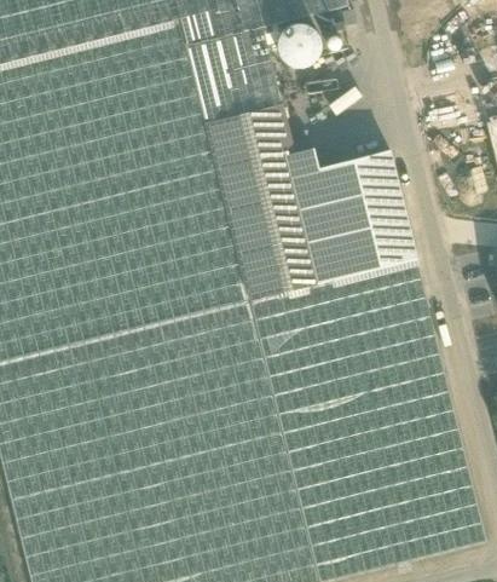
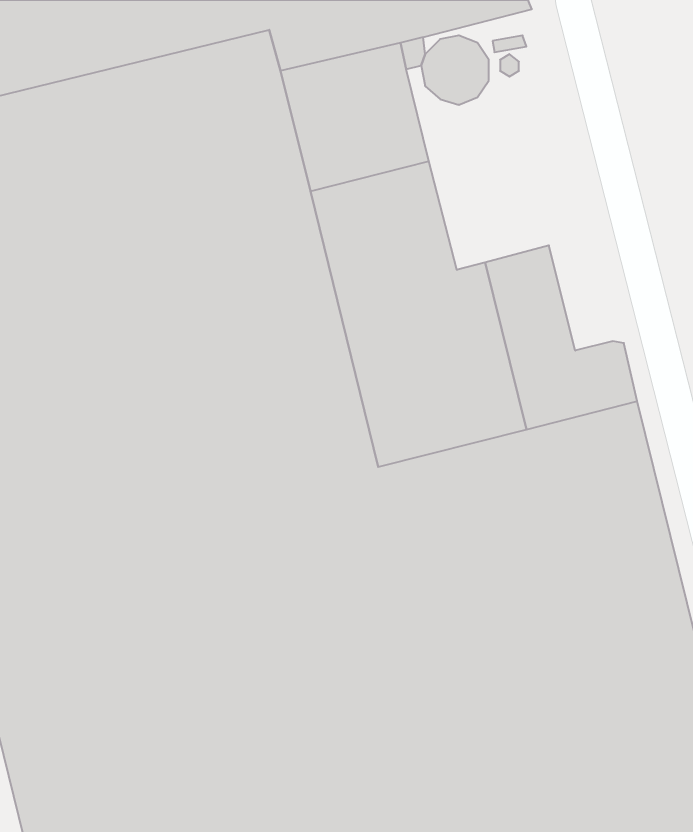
building: [358,151,406,226] -> none

